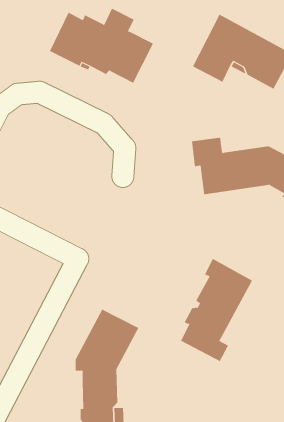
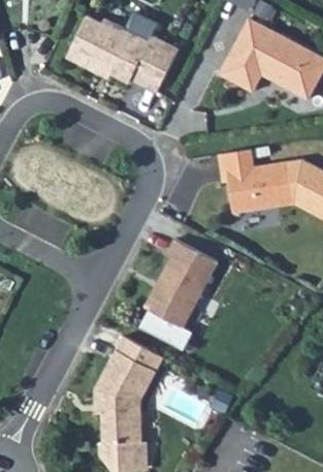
building: [180,258,253,362] -> [138,239,217,350]

